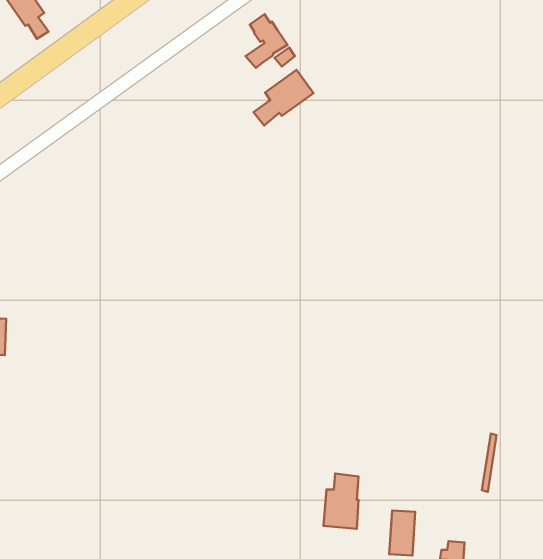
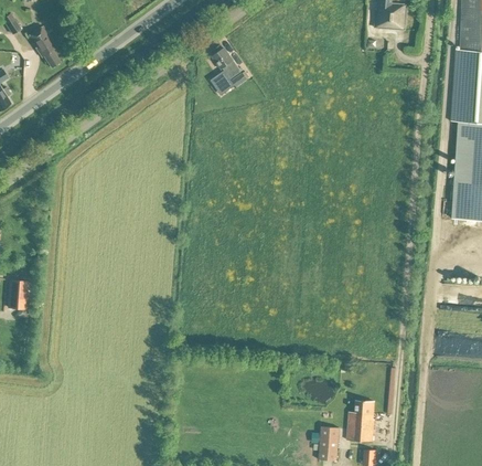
building: [253,70,313,126] -> none
building: [324,474,358,529] -> [347,400,374,442]

